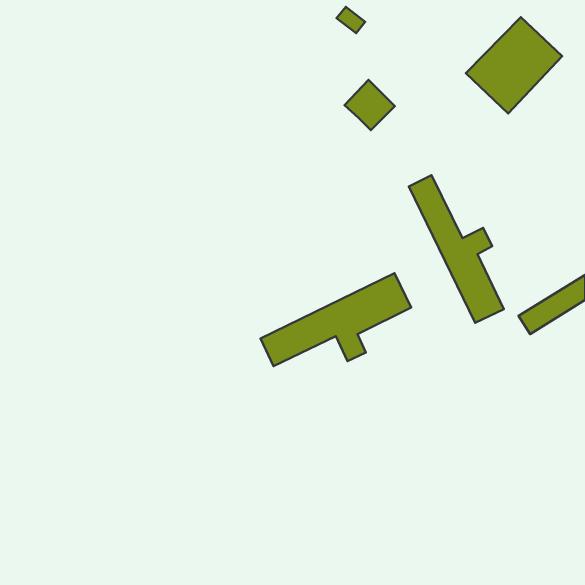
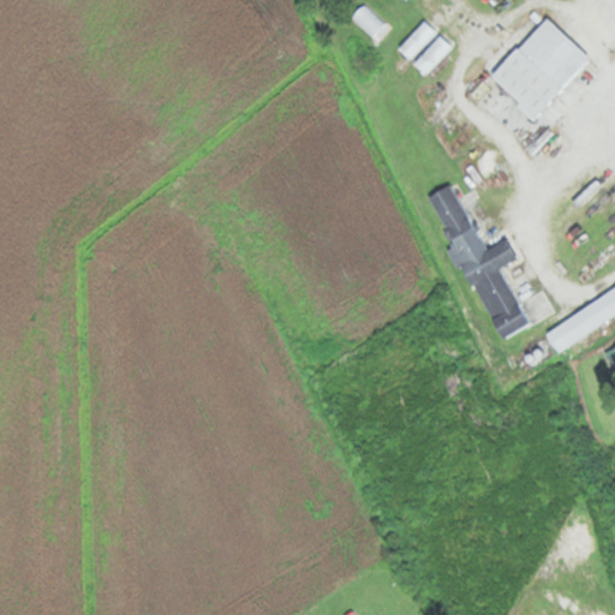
building: [345,80,395,130] -> [398,20,450,73]
building: [260,273,411,366] -> none

